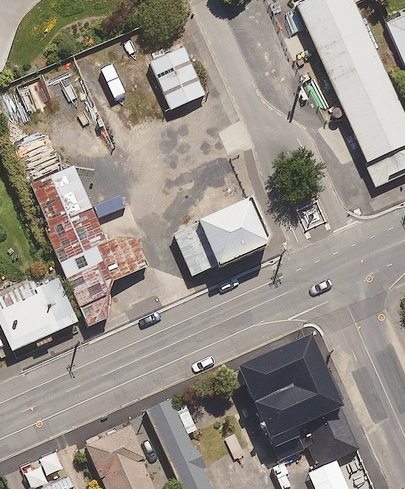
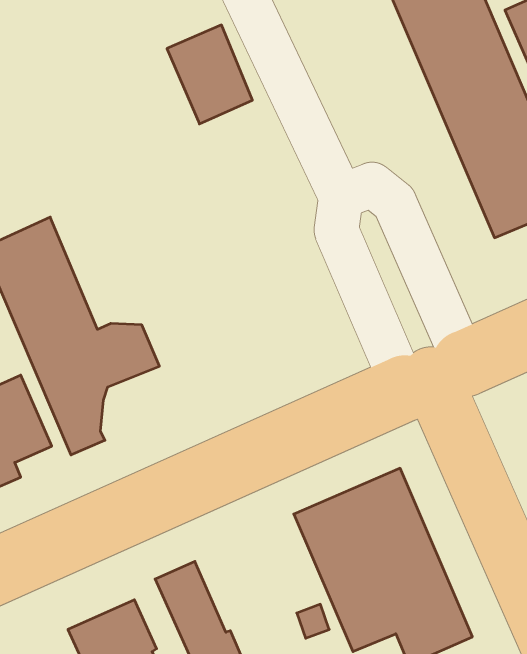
building: [170,194,270,277] -> none

